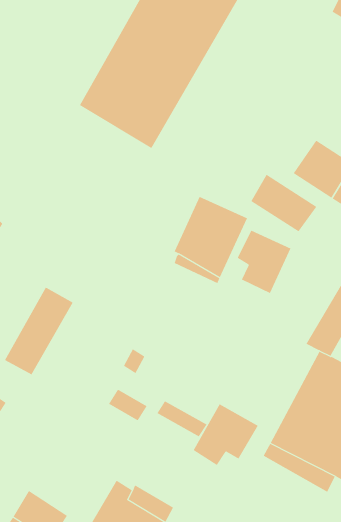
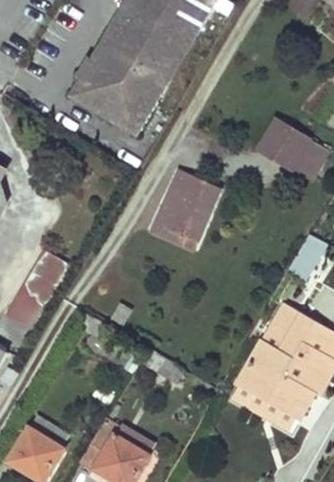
building: [251,174,317,232] -> none
building: [237,230,291,294] -> none
building: [193,403,259,466] -> none

